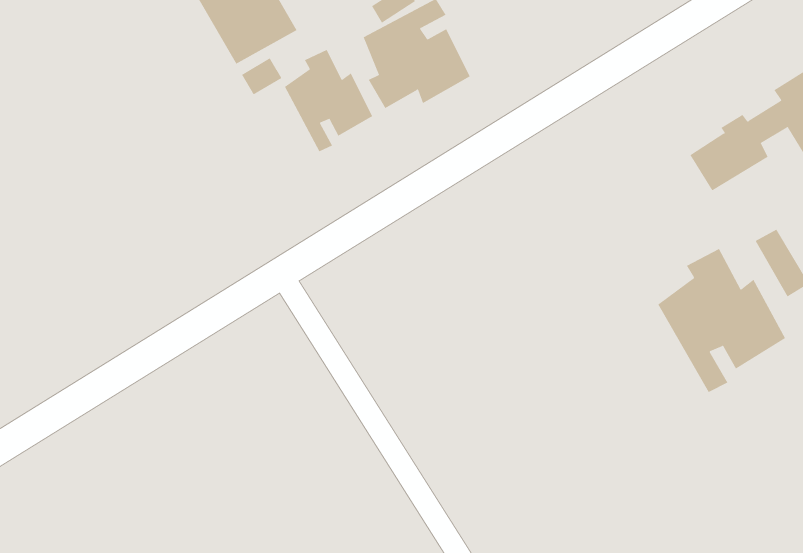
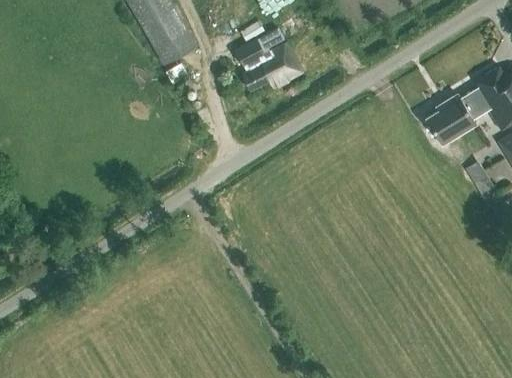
building: [284,49,373,152] -> none
building: [657,248,786,393] -> none

